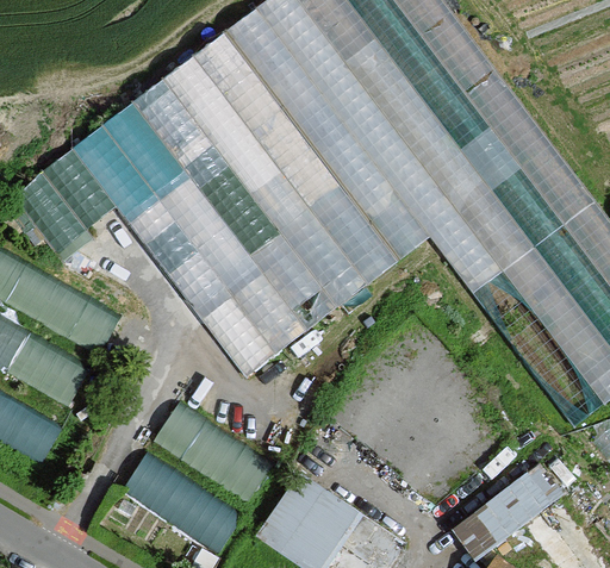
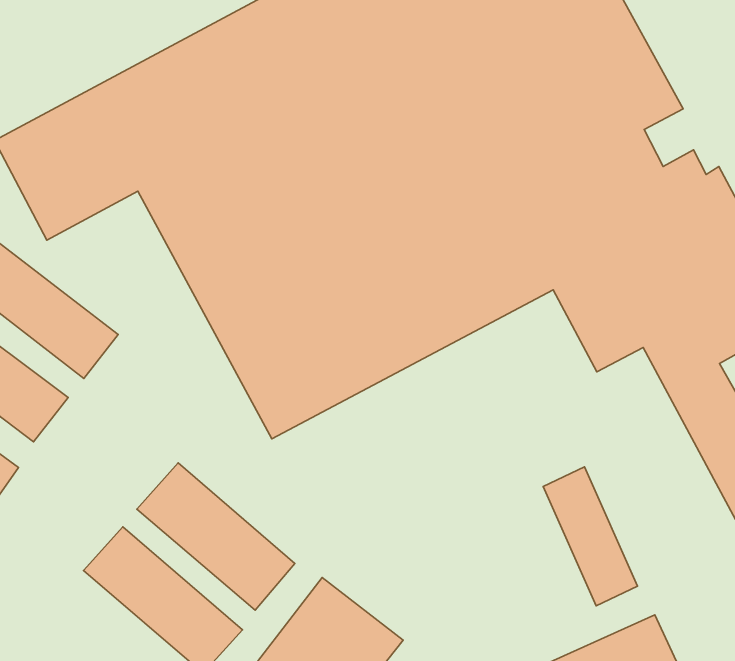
building: none -> [543,467,638,606]

